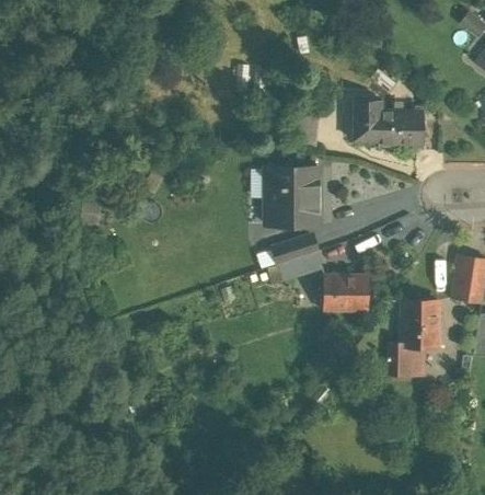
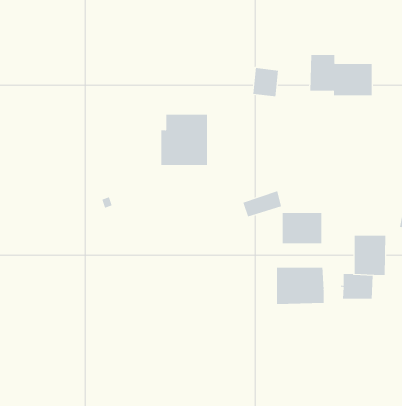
building: [267,168,320,225] -> [160,114,208,165]
building: [274,235,319,265] -> none
building: none -> [276,267,324,305]

